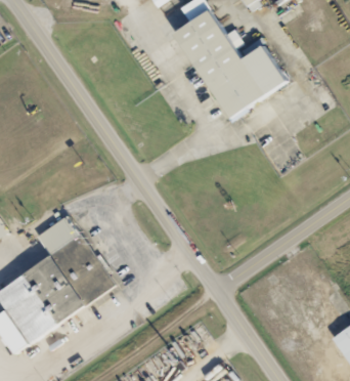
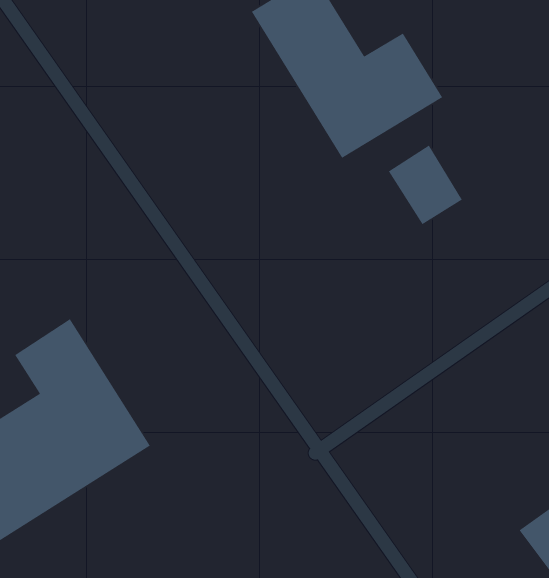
building: none -> [388,145,463,225]

